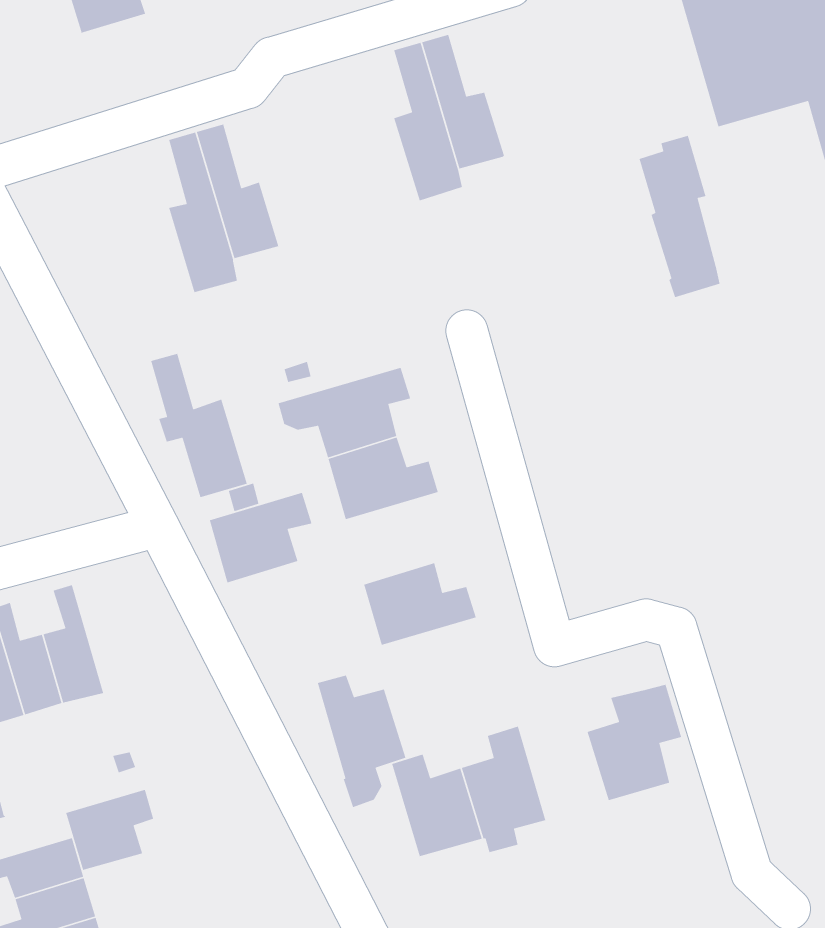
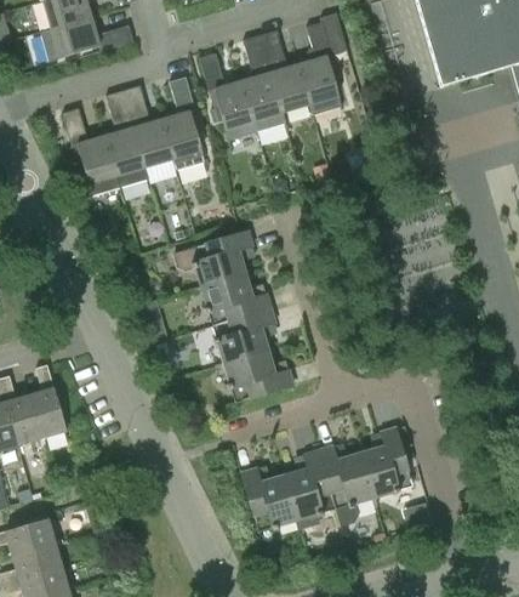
building: none -> [41,17,136,61]
building: none -> [201,52,260,140]
building: none -> [162,75,206,170]
building: [639,135,720,298] -> [292,16,342,115]
building: [150,353,248,498] -> [63,107,122,195]
building: [209,492,312,583] -> [215,308,278,364]
building: [317,675,406,808] -> [320,445,375,527]
building: [65,789,154,871] -> none

